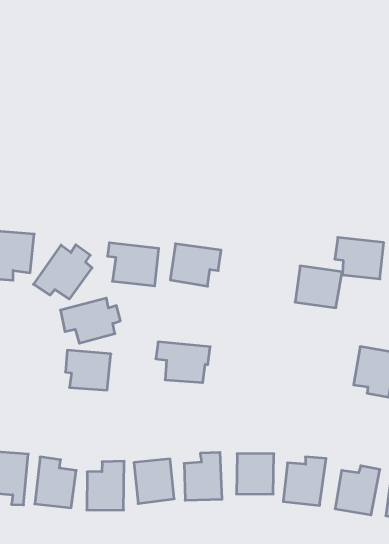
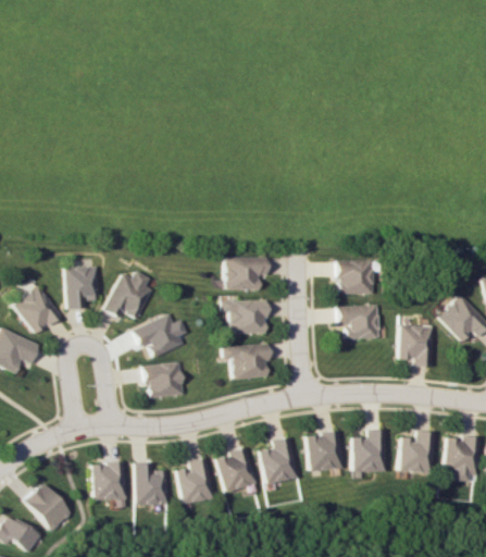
building: [335,237,384,279] -> [338,305,381,338]
building: [107,243,159,286] -> [221,299,266,334]

